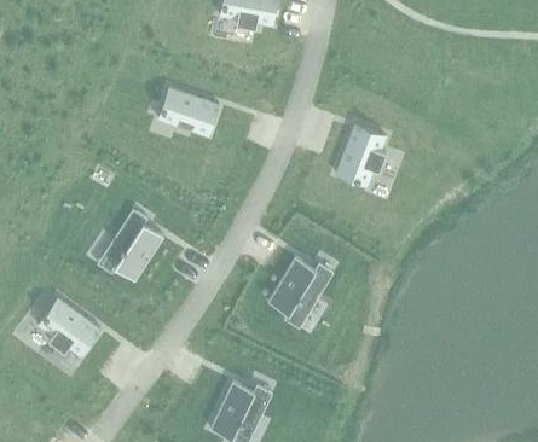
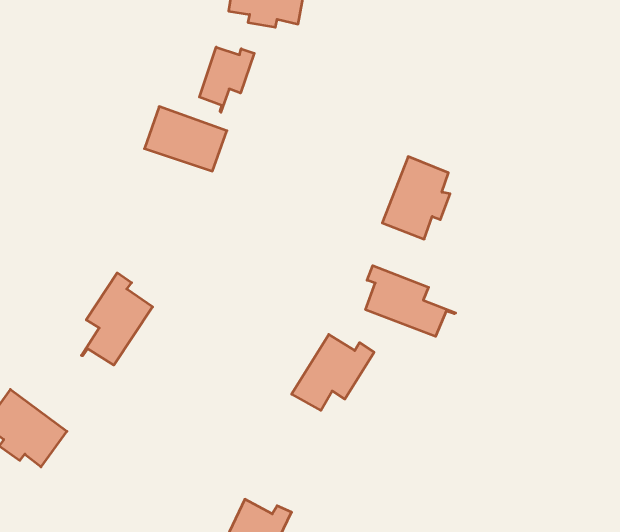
building: none -> [199,47,254,112]
building: none -> [366,266,456,336]

